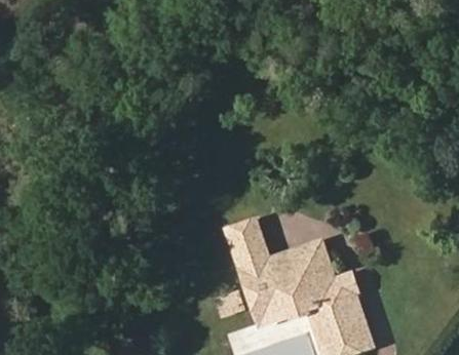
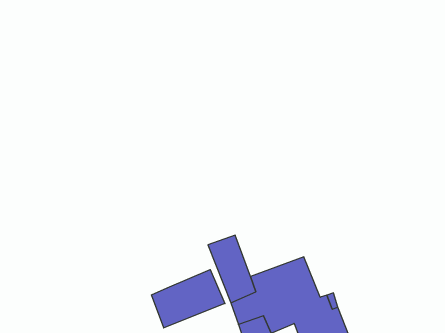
building: none -> [152,270,225,328]

